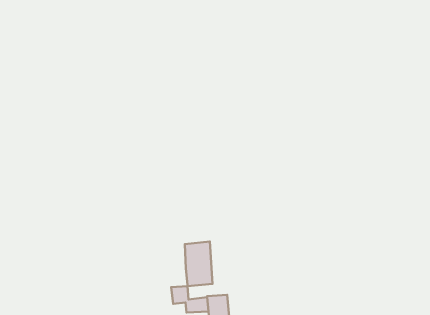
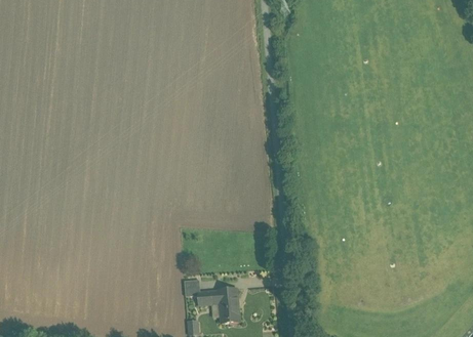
building: [185,242,213,286] -> none

